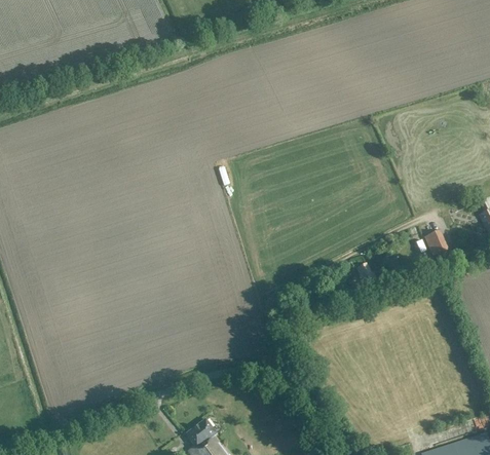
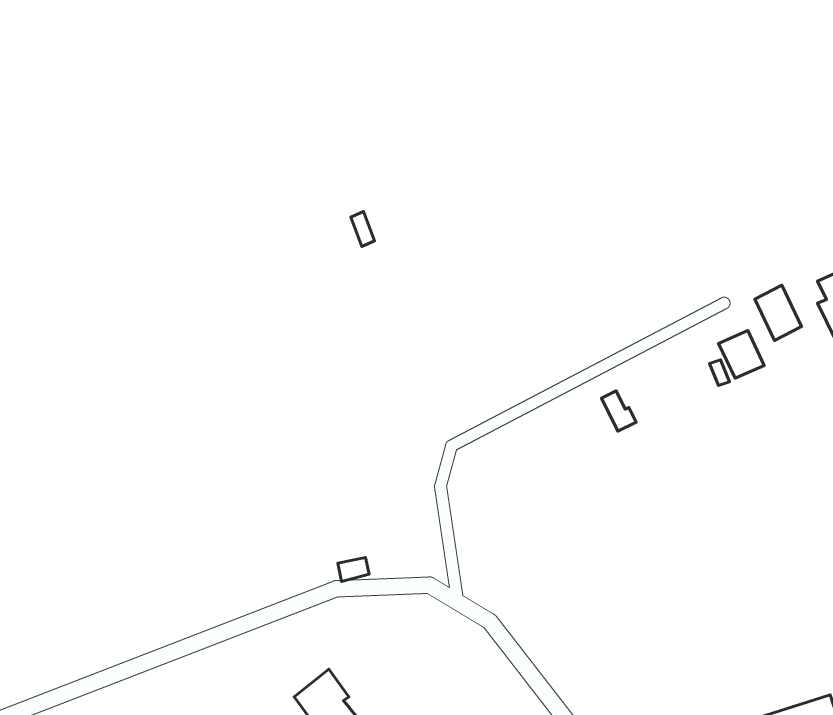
building: none -> [755,285,801,340]

